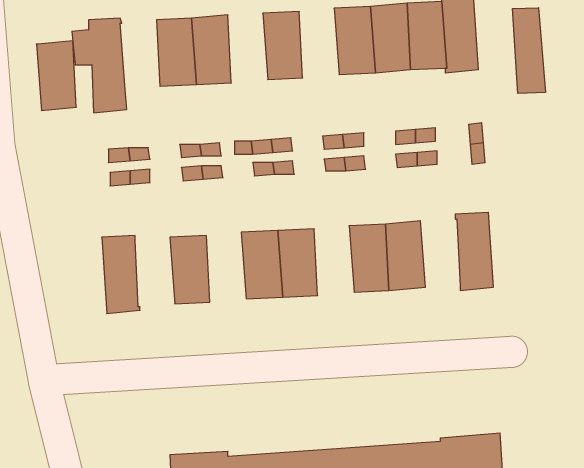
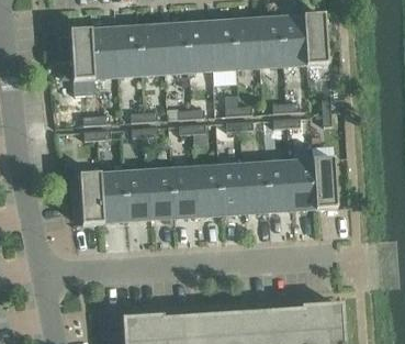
building: [512,8,545,93] -> none
building: none -> [210,21,236,67]
building: none -> [162,24,189,70]
building: [36,41,76,110] -> [91,29,117,75]
building: none -> [290,160,316,206]
building: none -> [220,165,246,211]
building: none -> [148,169,175,215]
building: none -> [101,173,127,219]

